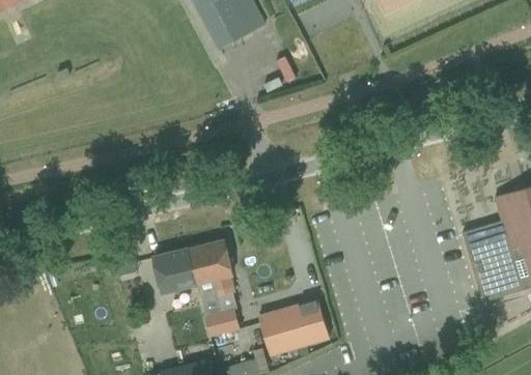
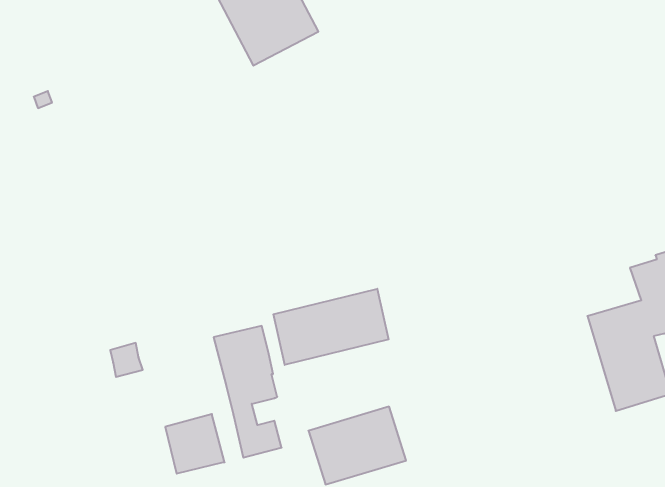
building: none -> [273,289,389,365]
building: [155,248,198,291] -> [165,414,225,474]

